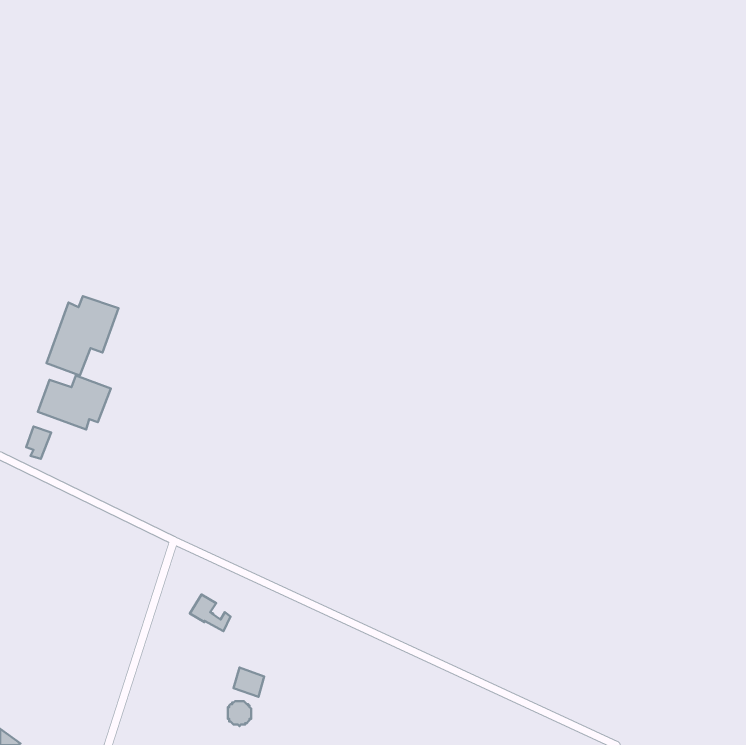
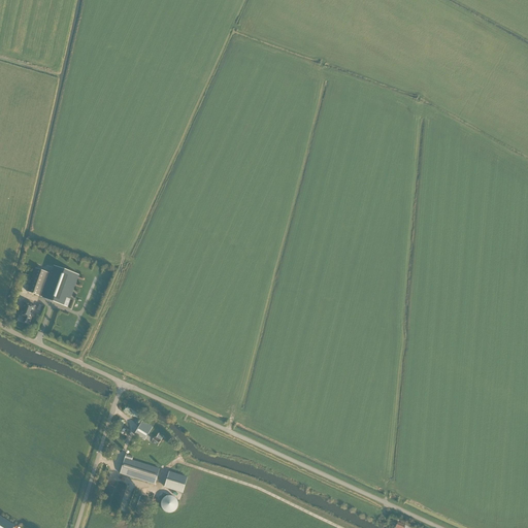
building: [46,296,118,375] -> none
building: none -> [120,454,159,484]

